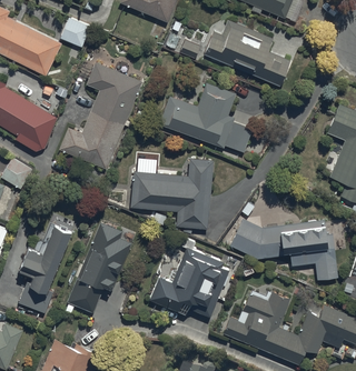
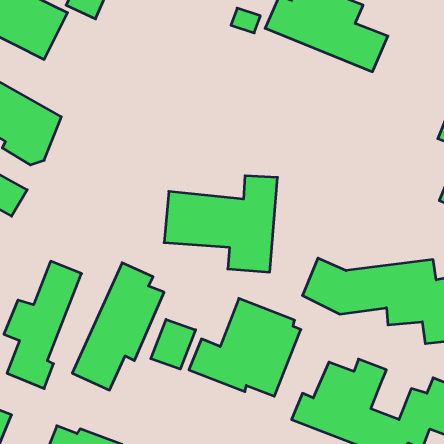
building: [58,61,141,168] -> none
building: [158,81,251,152] -> none
building: none -> [151,319,196,369]

